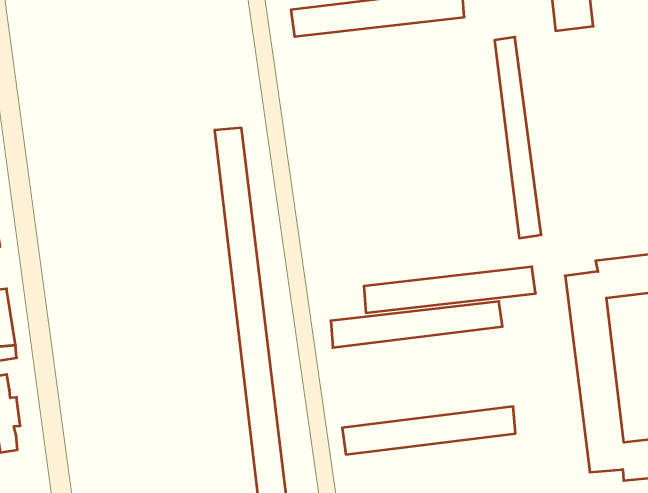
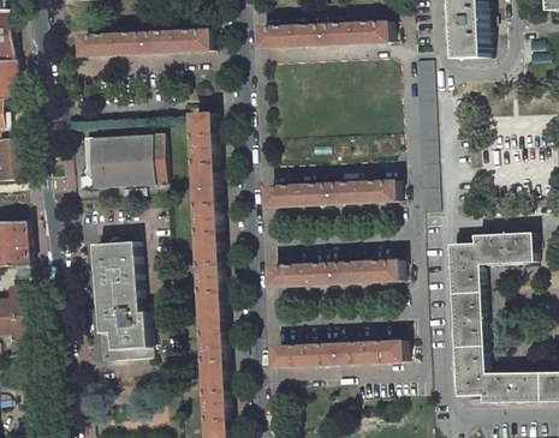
building: none -> [78,30,209,56]
building: none -> [79,136,162,187]
building: [364,267,536,313] -> [264,180,394,205]
building: none -> [93,240,148,359]

